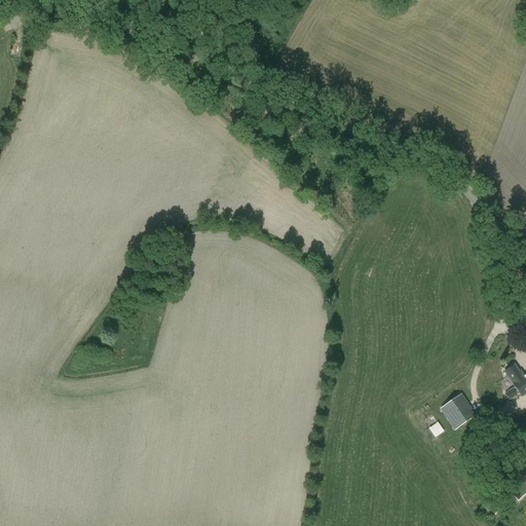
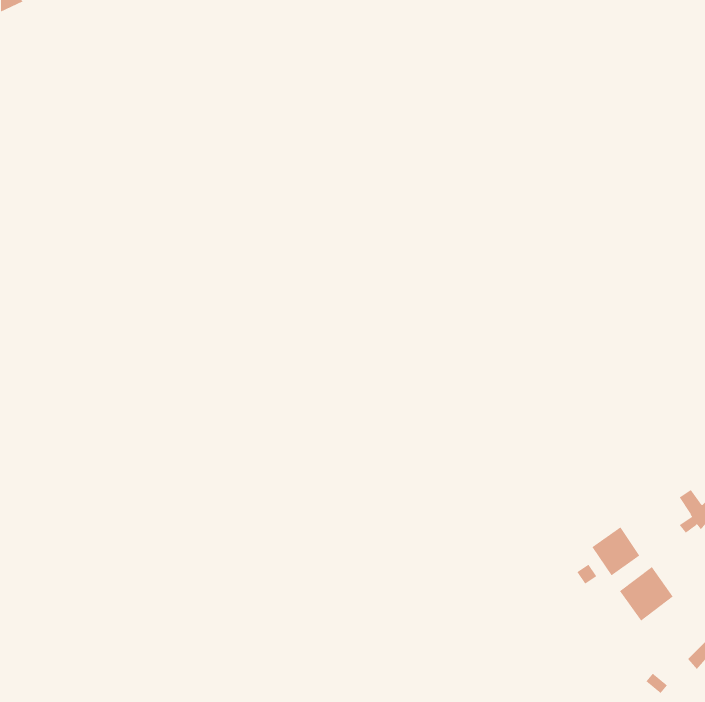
building: none -> [619,566,674,622]

